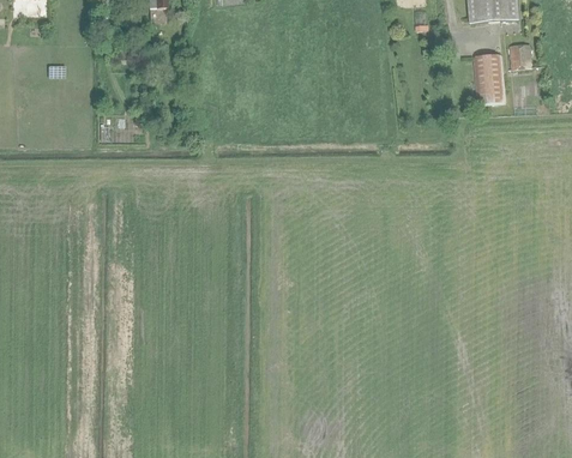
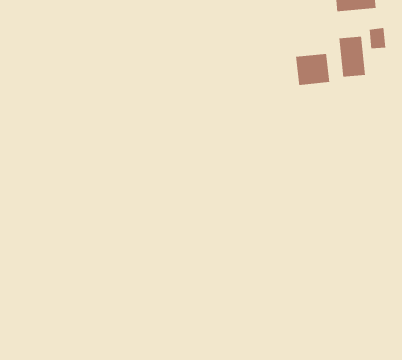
building: none -> [295,53,330,86]

